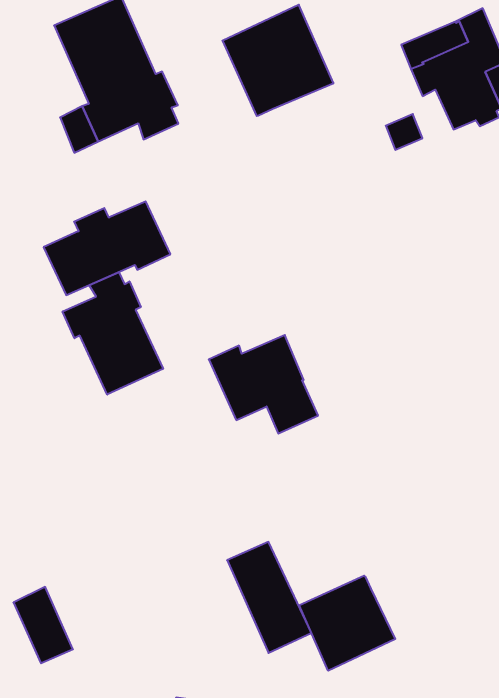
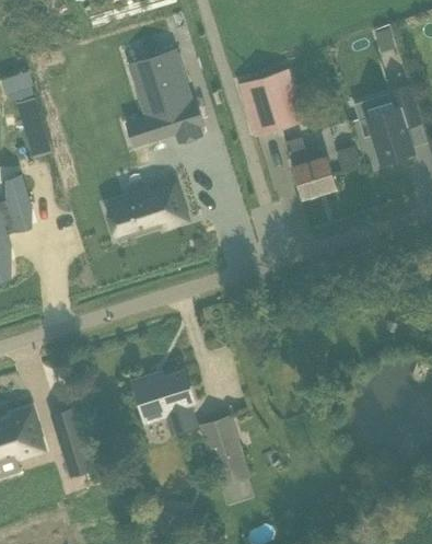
building: none -> [285,136,335,195]
building: [63,272,163,395] -> none
building: [209,335,318,434] -> [132,370,199,433]
building: [299,576,395,671] -> none

